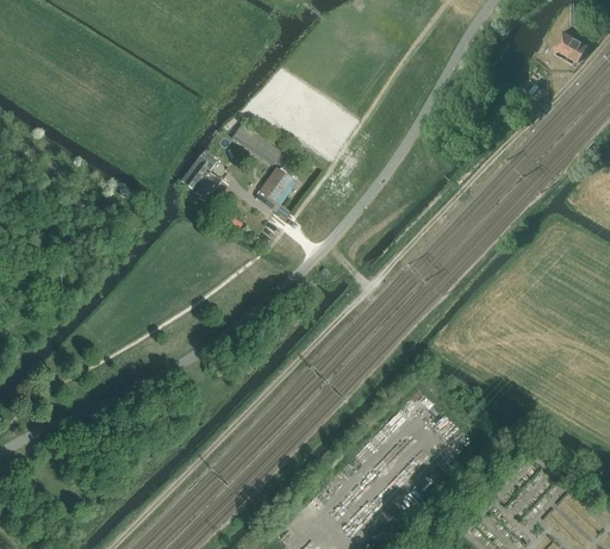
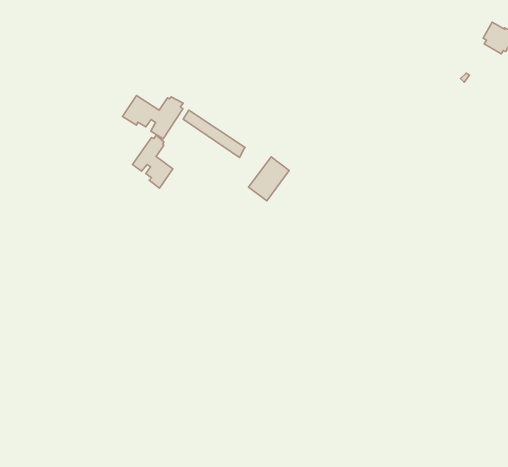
building: none -> [122,96,183,139]
building: [255,166,298,212] -> [249,157,289,201]

